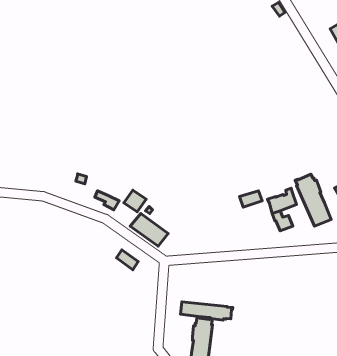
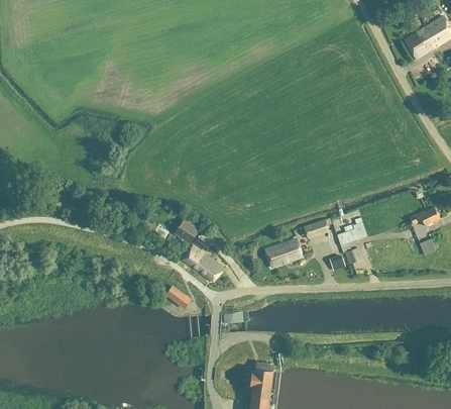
building: [295,174,331,226] -> none
building: none -> [265,239,303,268]
building: [180,302,233,320] -> none

